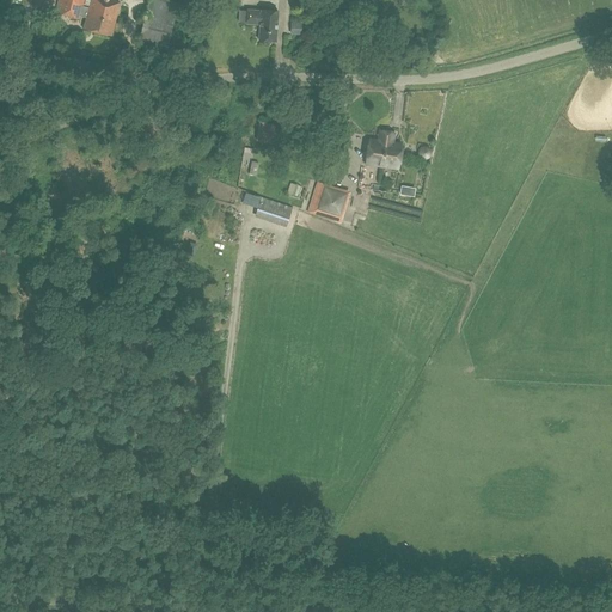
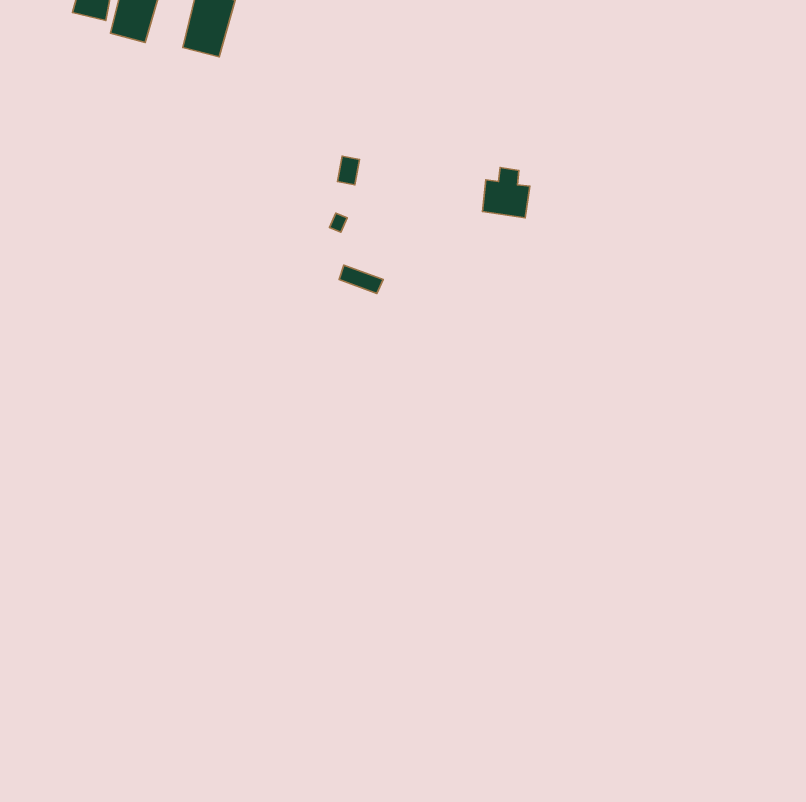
building: [246,6,277,38] -> none
building: [307,178,350,220] -> none

